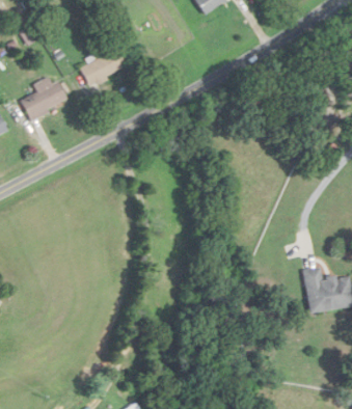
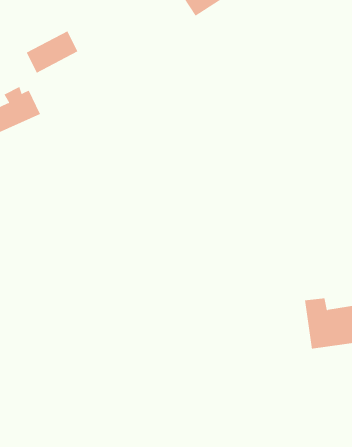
building: [79,49,126,87] -> [26,31,78,74]

